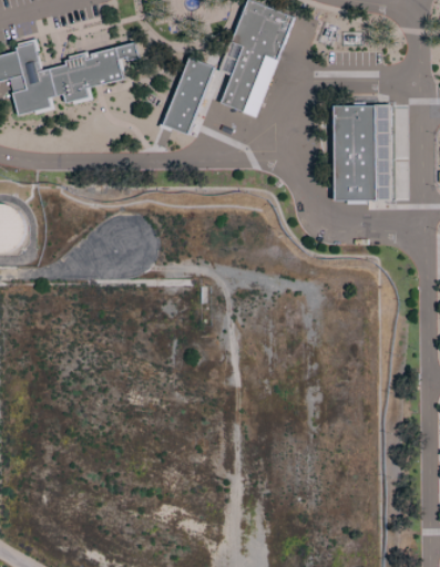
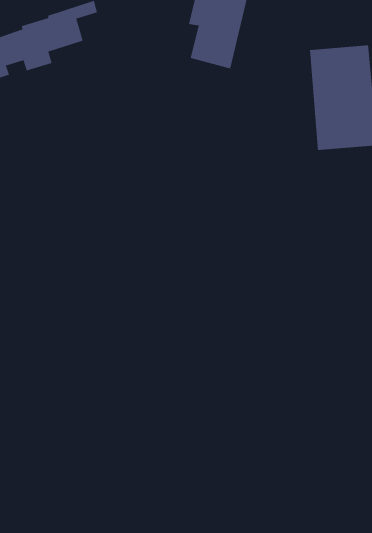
building: [164,58,213,134] -> none

